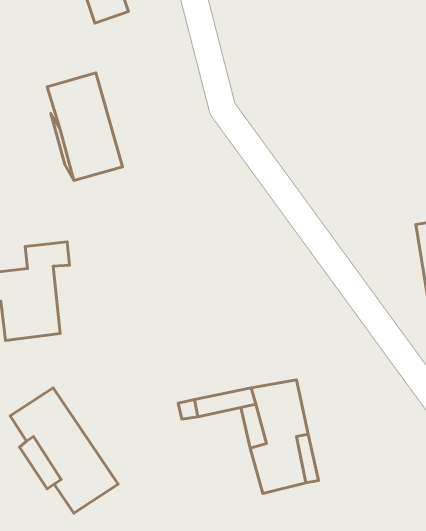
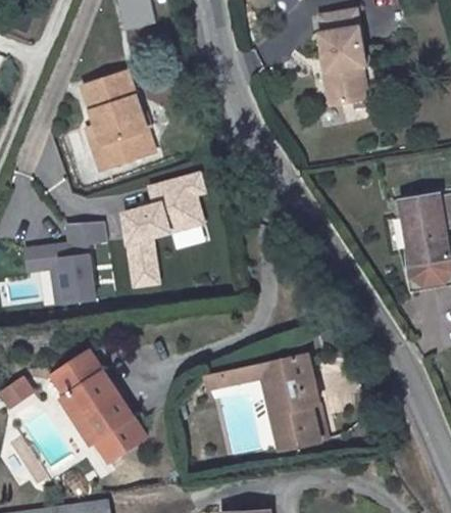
building: none -> [327,14,379,112]
building: none -> [108,182,199,290]

